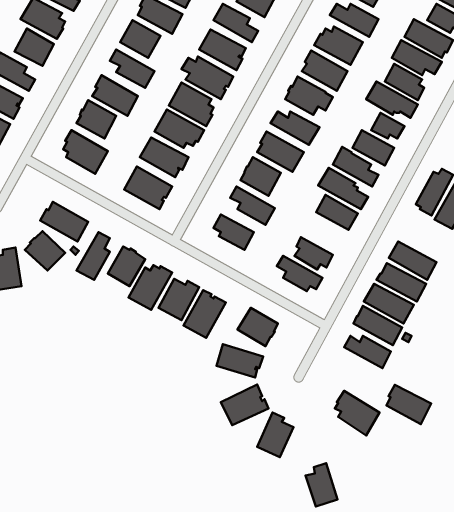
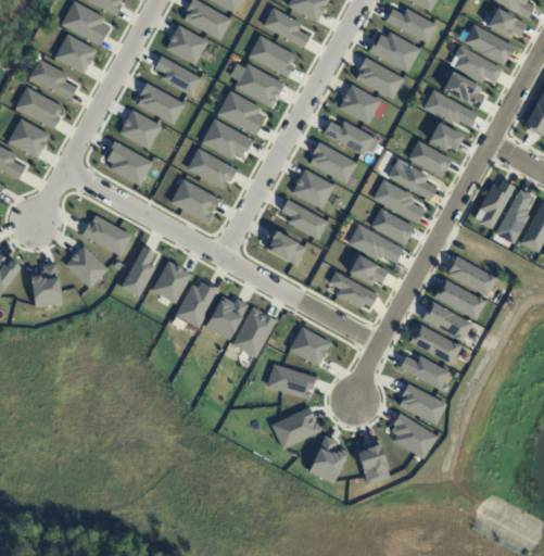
building: none -> [347,224,402,262]
building: [386,385,431,424] -> [398,383,445,425]
building: [305,463,338,507] -> [356,439,390,484]

